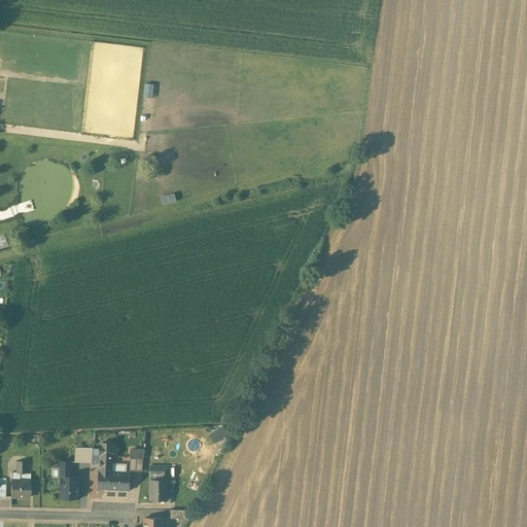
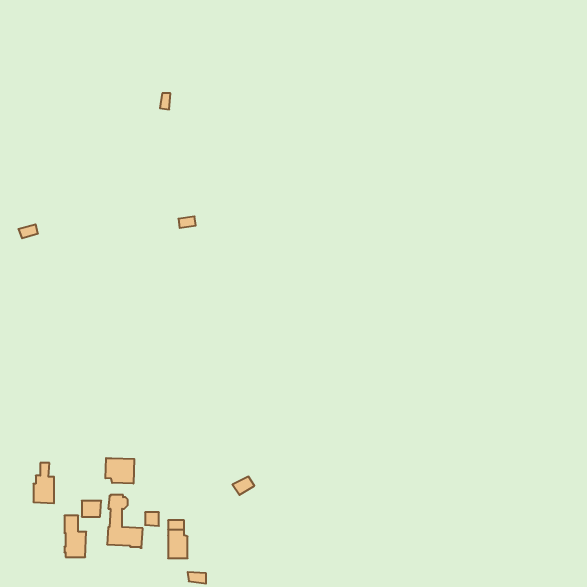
building: none -> [105,458,134,484]
building: [10,462,29,498] -> [33,463,54,503]

